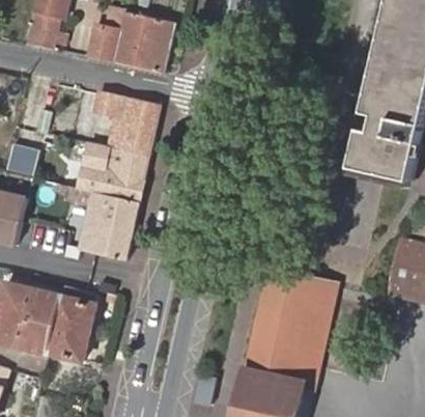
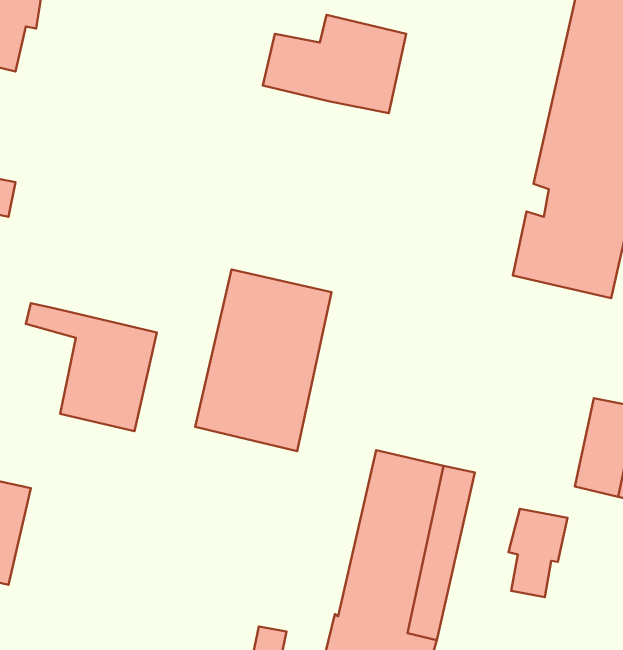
building: [87,12,173,72] -> [263,15,406,113]
building: [76,92,158,201] -> [195,270,332,451]
building: [48,286,97,361] -> none
building: none -> [508,509,568,597]

